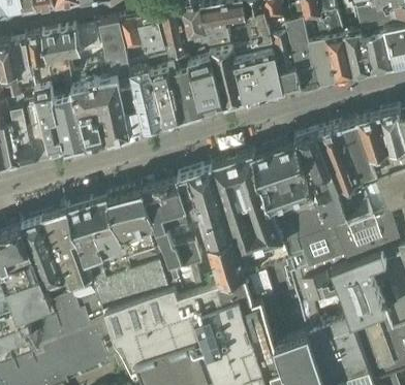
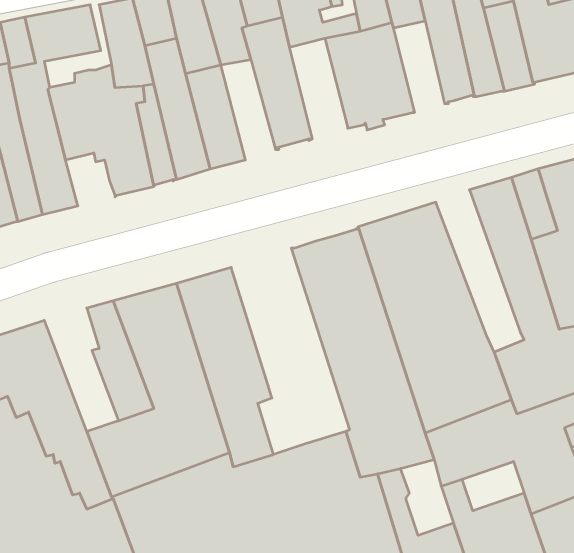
building: [272,37,302,91] -> none
building: [211,47,246,106] -> none
building: [170,60,202,119] -> none
building: [80,115,108,146] -> none
building: [297,136,346,222] -> none
building: [177,170,246,285] -> none
building: [67,205,111,278] -> none

